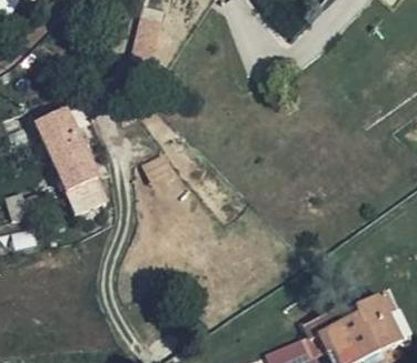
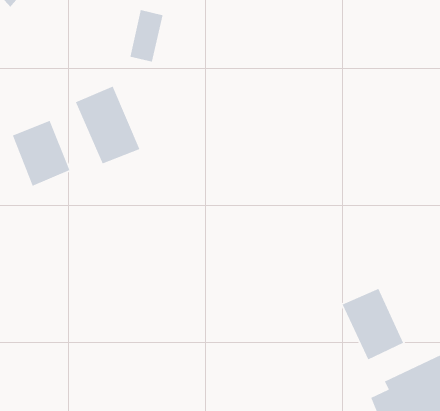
building: [50,142,103,206] -> [75,85,140,165]
building: none -> [341,288,404,360]

